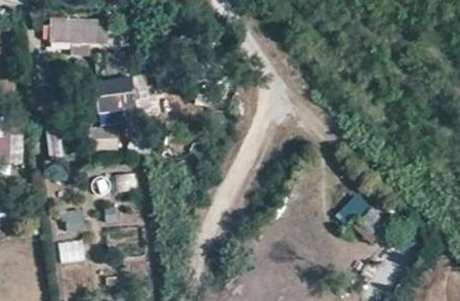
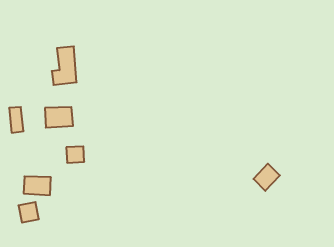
building: [45,17,103,41] -> none

